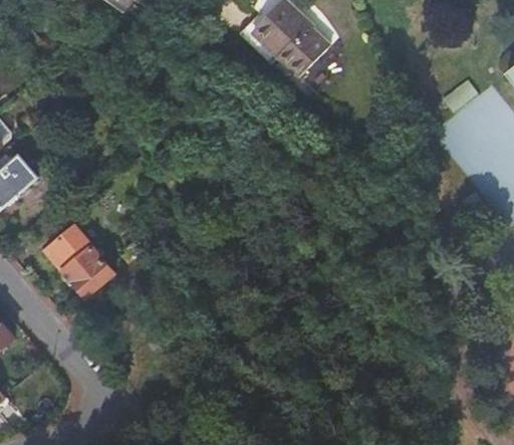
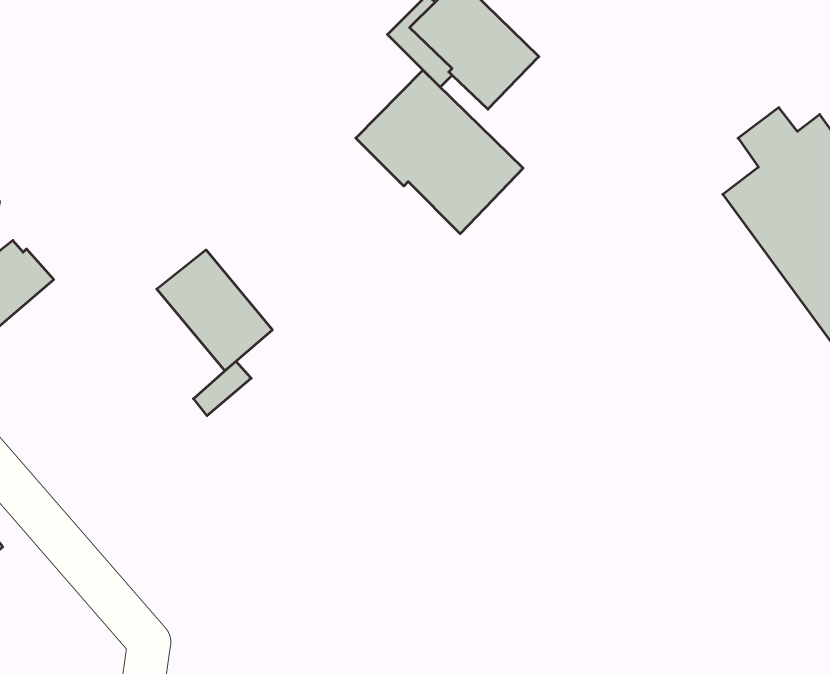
building: none -> [356,70,523,234]
building: [45,226,113,297] -> [157,250,272,371]

